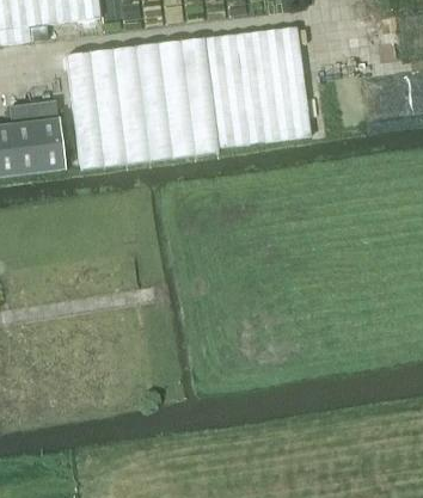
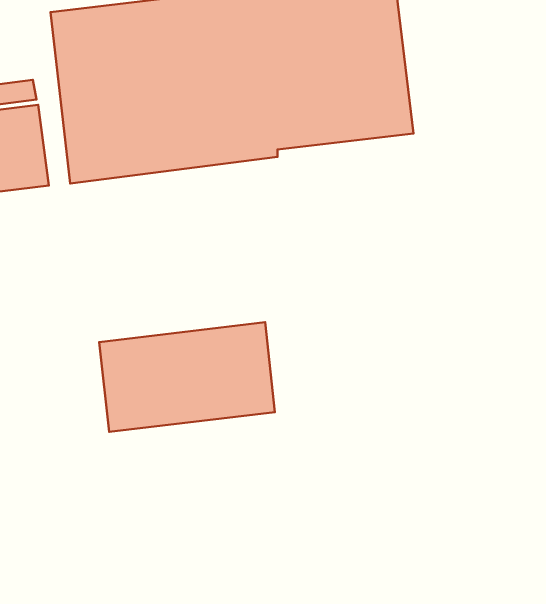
building: none -> [99,322,275,432]

